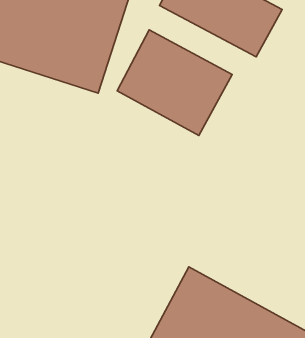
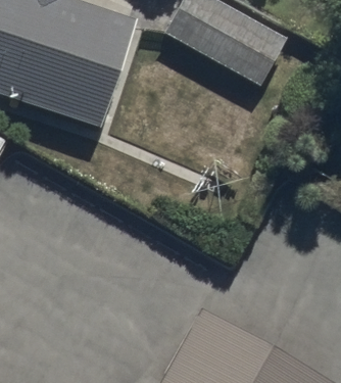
building: [117,30,232,135] -> none

